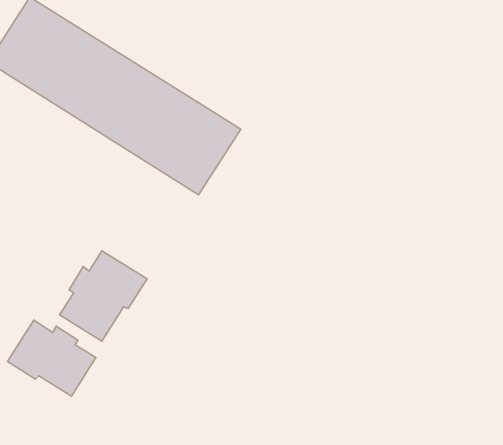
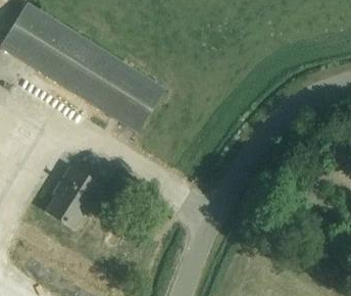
building: [8,320,96,396] -> none

